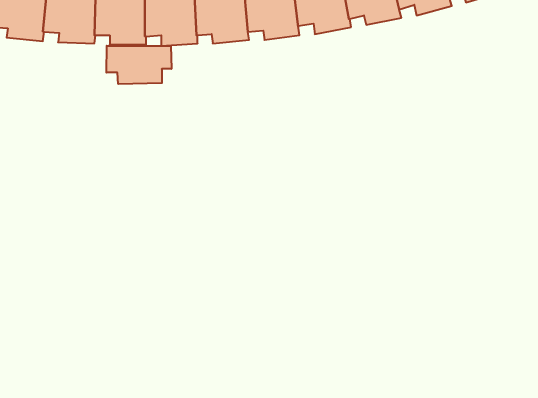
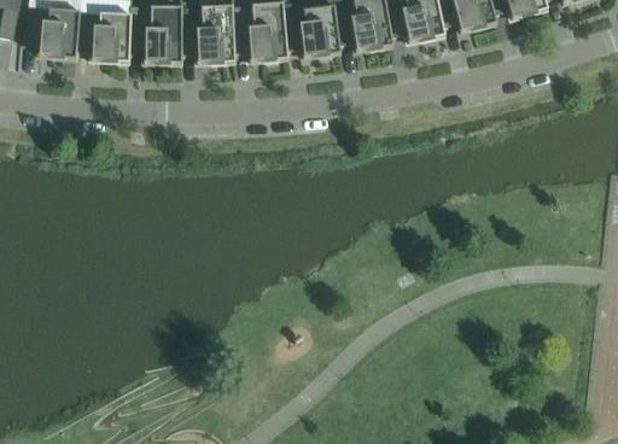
building: [106,46,171,84] -> none

